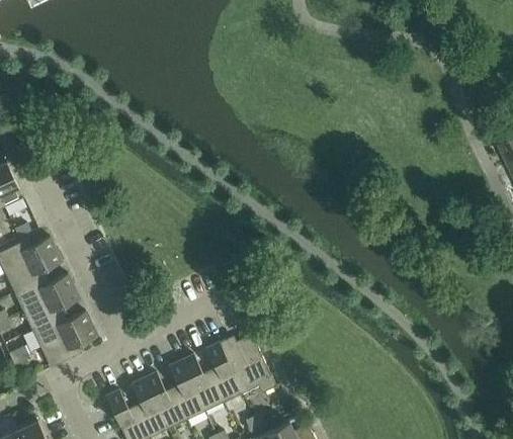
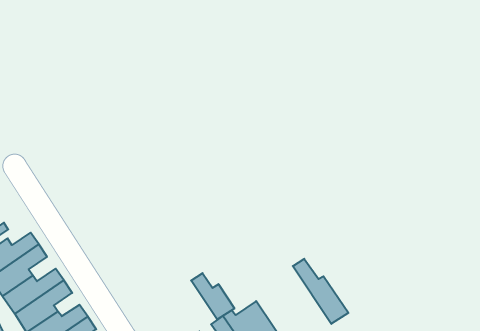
building: none -> [191,273,234,320]
building: none -> [293,259,348,324]

